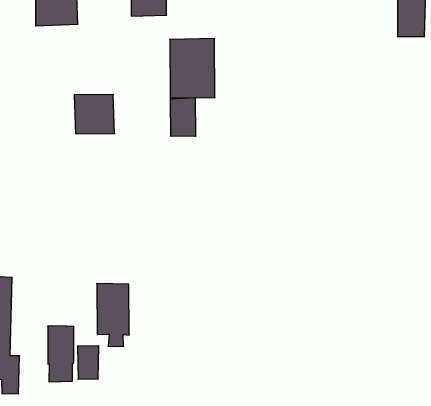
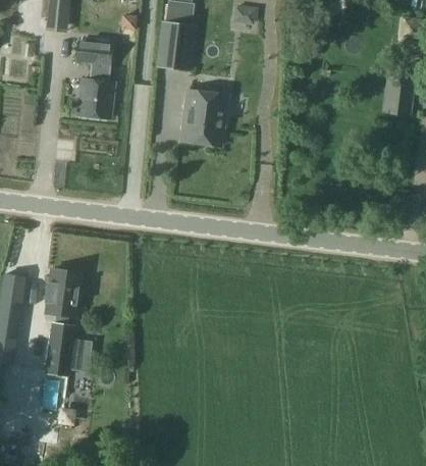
building: [74,95,115,134] -> [76,80,113,117]
building: [170,98,196,136] -> none
building: [97,284,129,346] -> [46,268,78,325]

